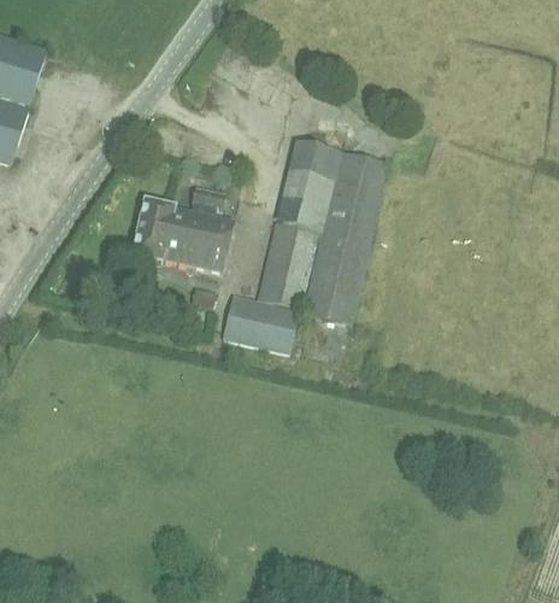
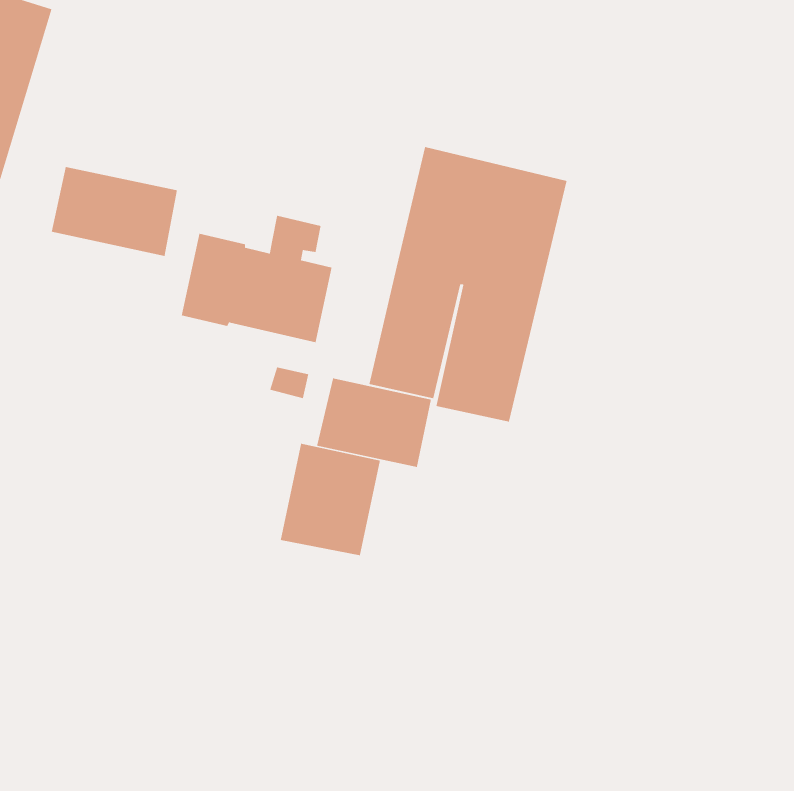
building: none -> [51,166,178,257]
building: none -> [280,443,381,556]

